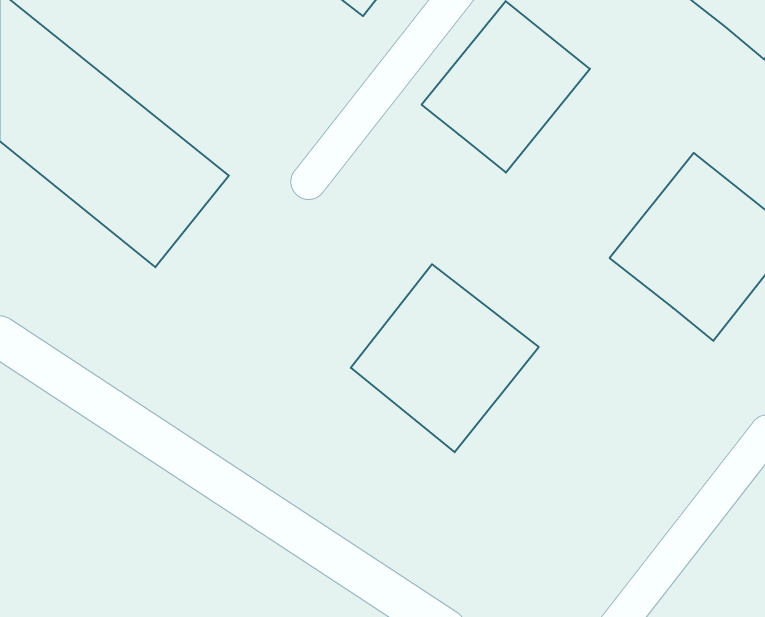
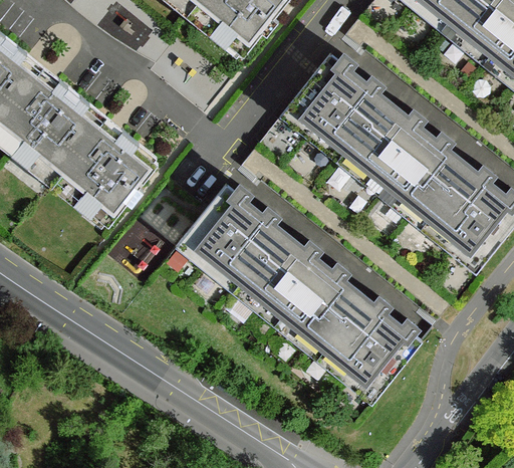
building: none -> [338,90,464,217]
building: none -> [179,175,289,290]
building: none -> [304,276,430,402]

